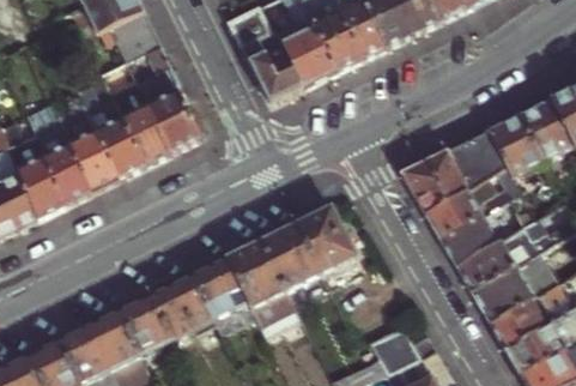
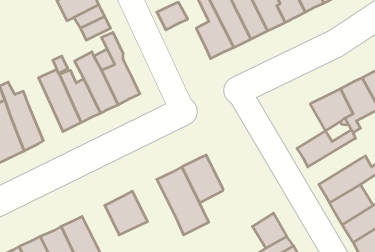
building: [240,34,303,103] -> none
building: [28,101,92,203] -> none
building: [401,150,467,213] -> none
building: [442,199,516,265] -> none
building: [297,206,356,271] -> none
building: [192,258,254,331] -> none
building: [120,295,174,354] -> none

